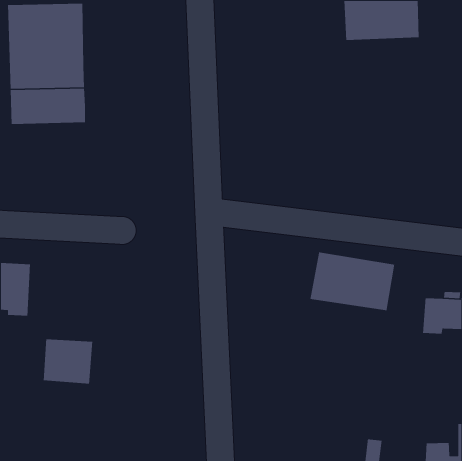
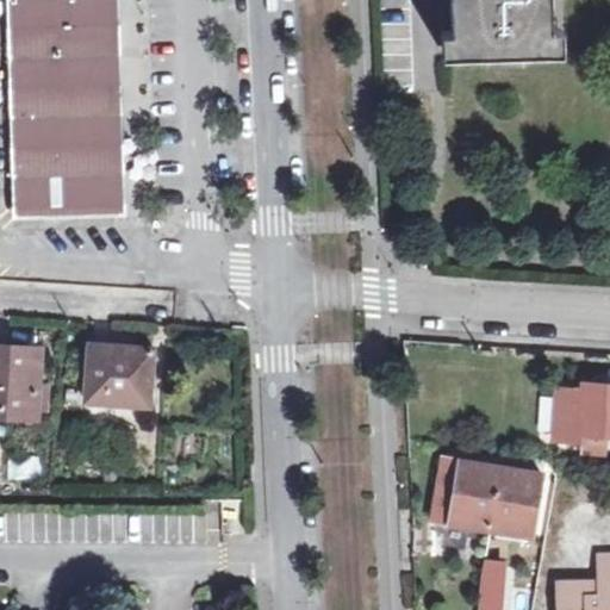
building: none -> [14,163,114,207]
building: [309,252,395,311] -> [432,458,546,536]
building: [43,338,93,384] -> [88,346,155,406]

